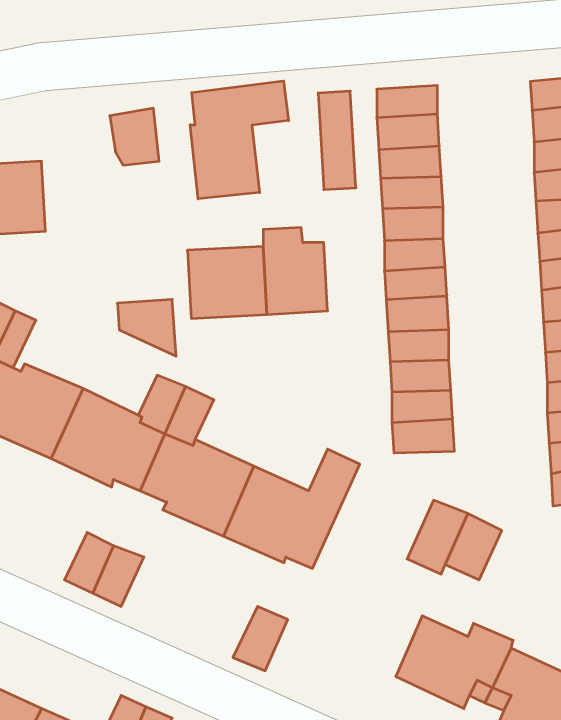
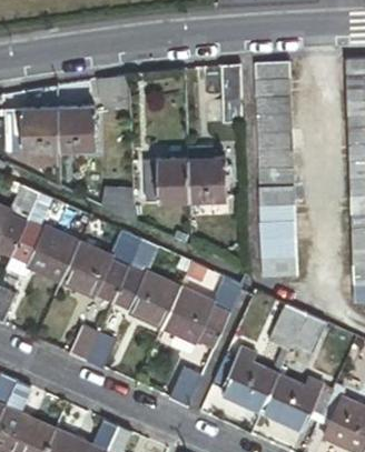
building: [190,81,289,199] -> none
building: none -> [56,106,93,149]
building: none -> [215,348,279,410]

